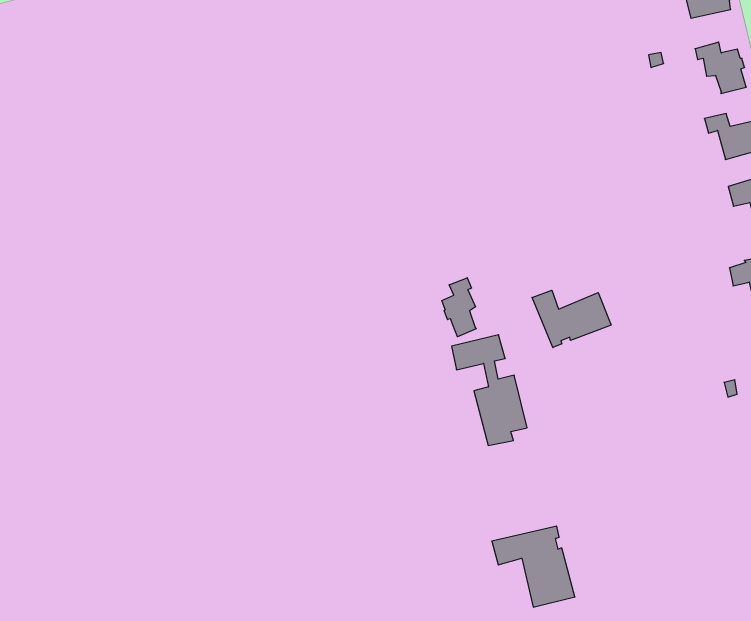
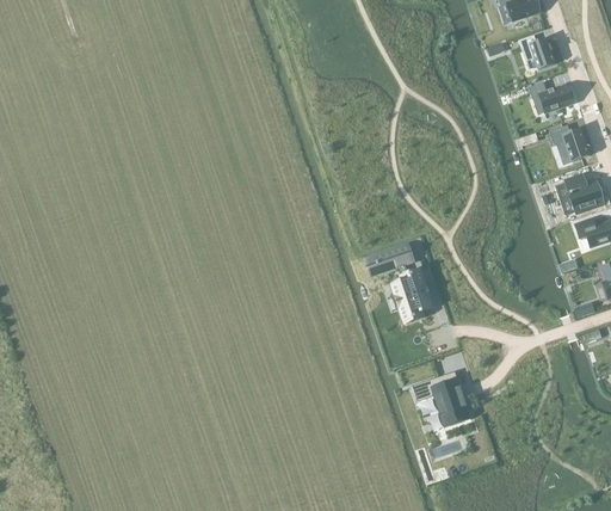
building: [442,278,476,337] -> none
building: [532,290,611,348] -> none

